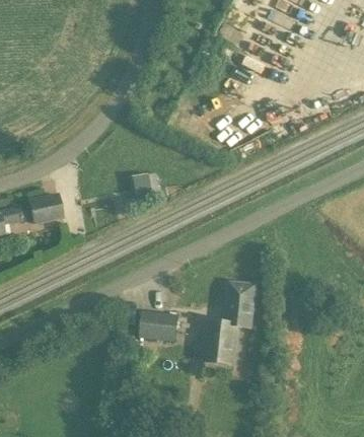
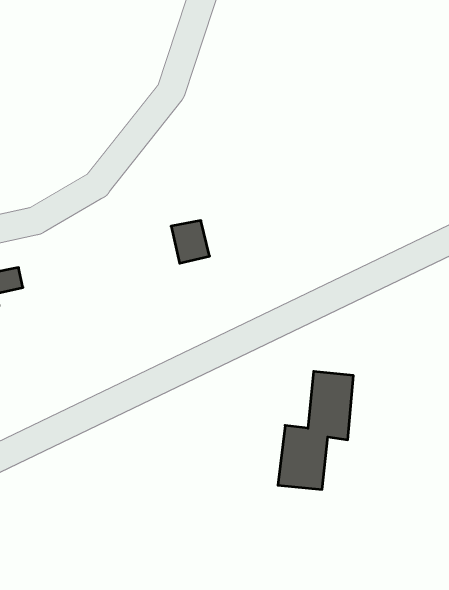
building: [28,192,65,225] -> none
building: [140,310,179,342] -> none

